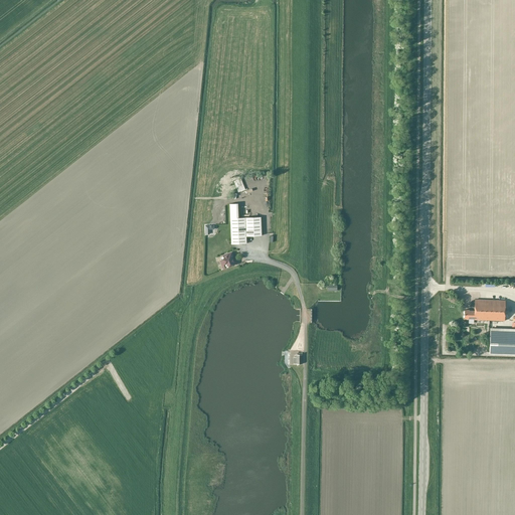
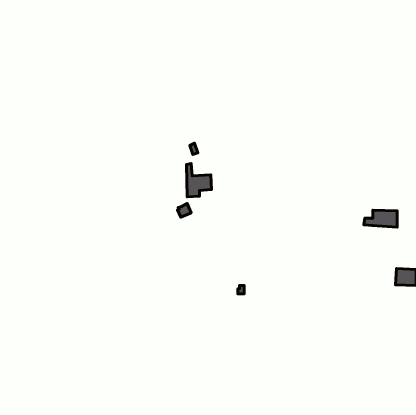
building: [464,299,505,320] -> [364,210,397,227]

